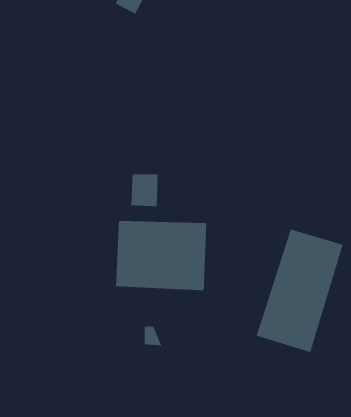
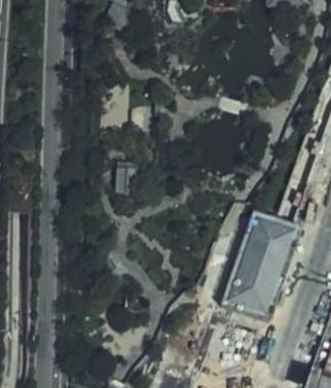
building: [115,220,207,291] -> none

